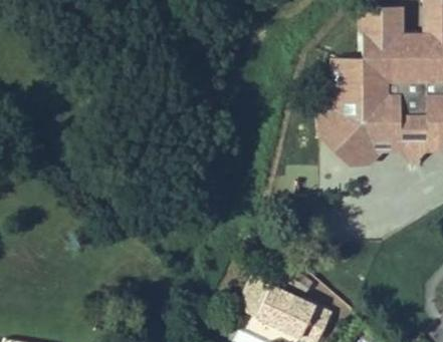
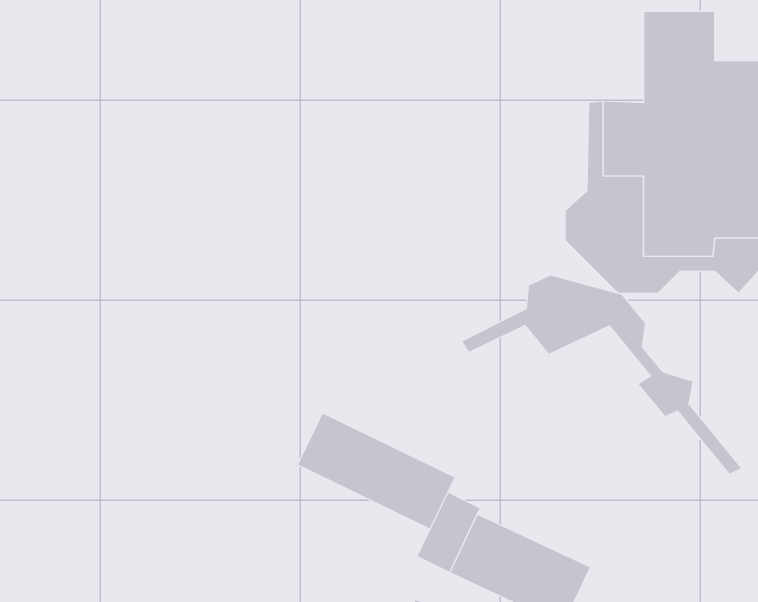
building: none -> [461,275,742,474]
building: none -> [297,413,455,529]

